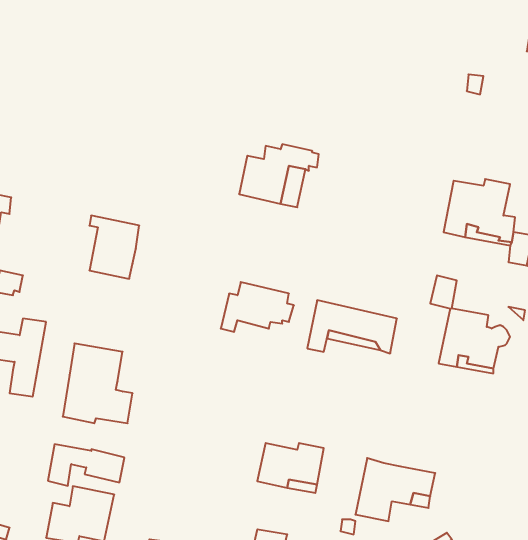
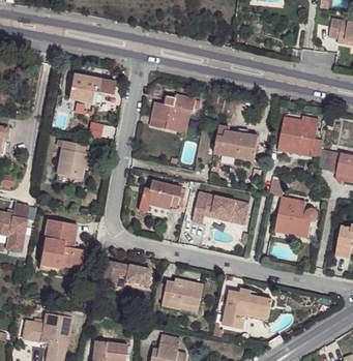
building: none -> [66,72,116,101]
building: none -> [214,125,259,160]
building: [48,444,124,486] -> [102,261,150,287]

